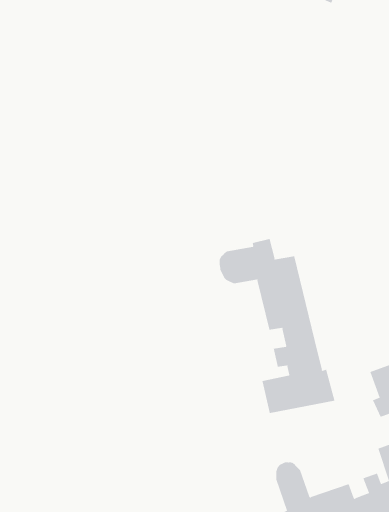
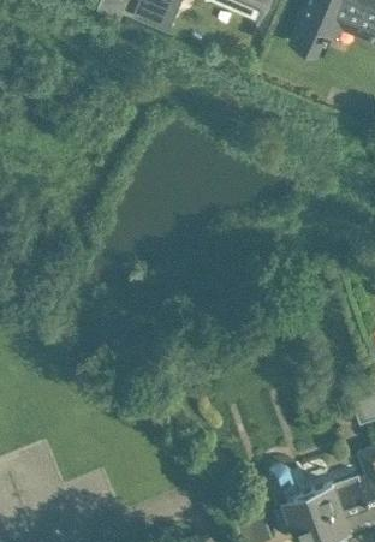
building: [219,238,335,414] -> none

